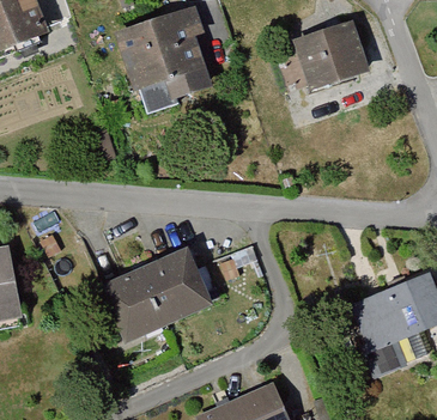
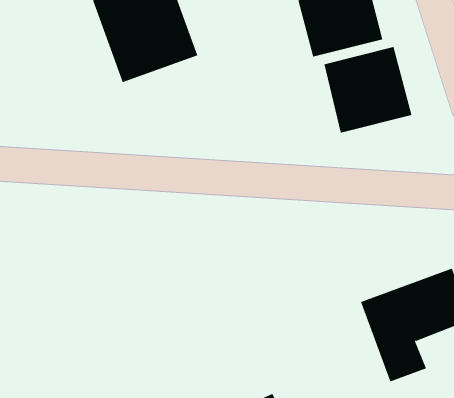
building: none -> [324,46,412,134]
building: [96,245,208,337] -> none

